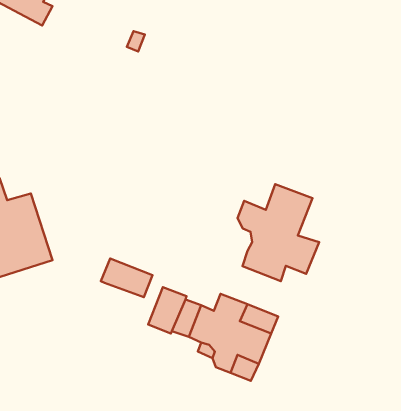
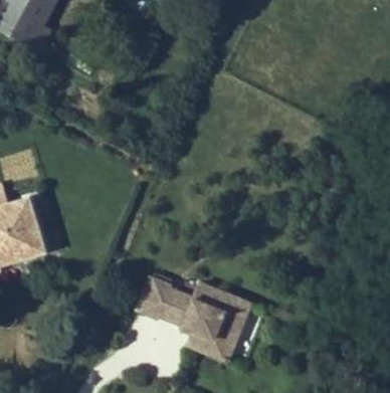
building: [237,184,319,281] -> none
building: [101,258,152,297] -> none

